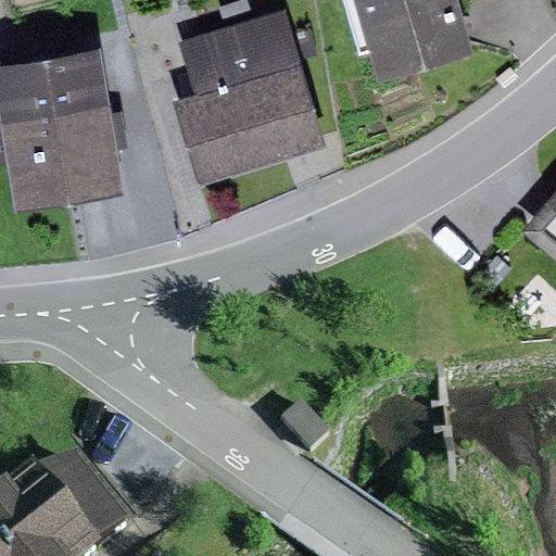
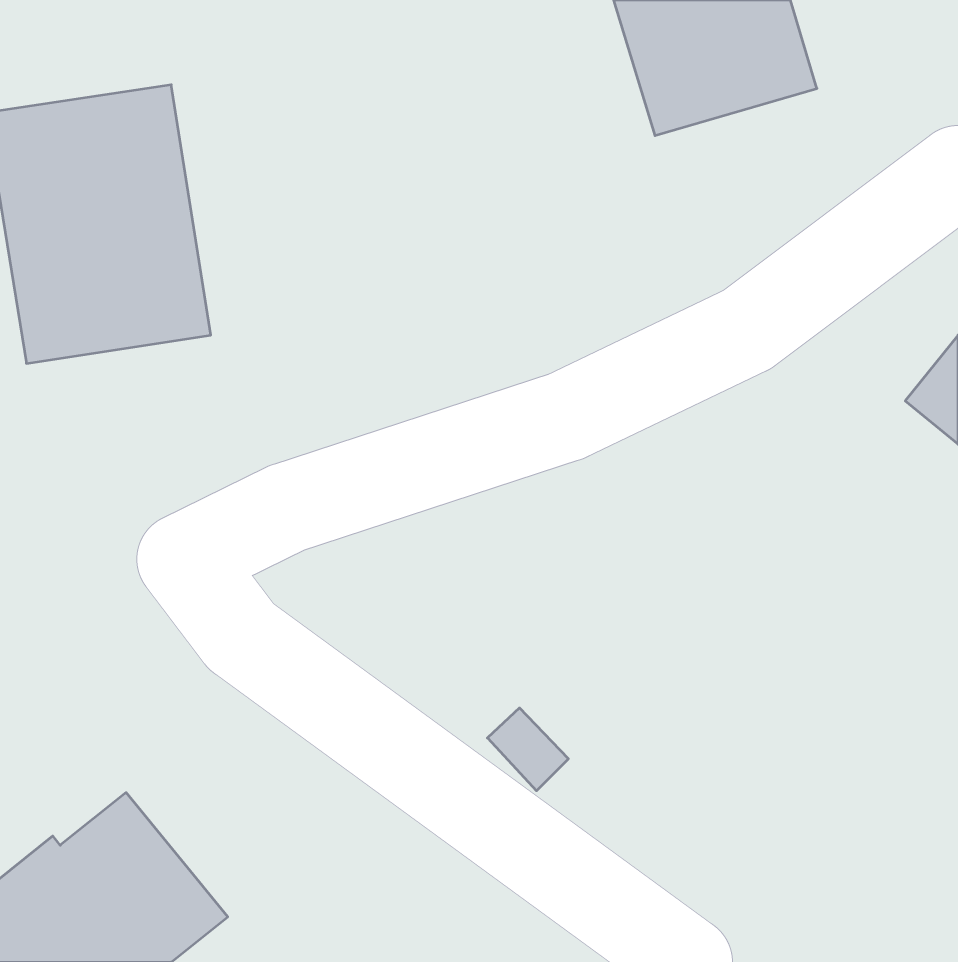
building: [173,11,325,184] -> none

